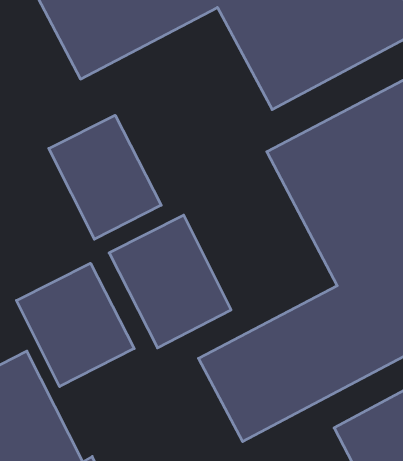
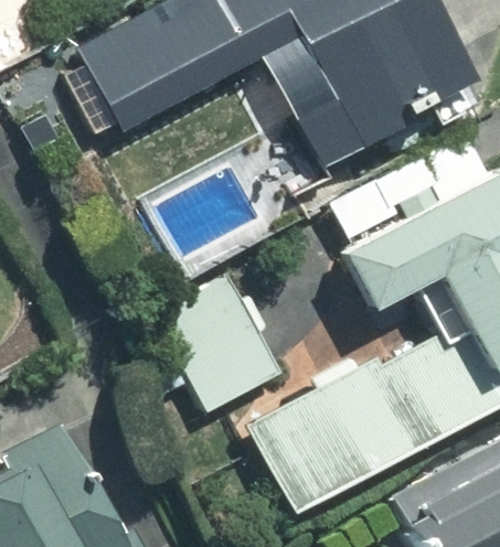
building: [49,115,161,239] -> none
building: [16,263,134,387] -> none

